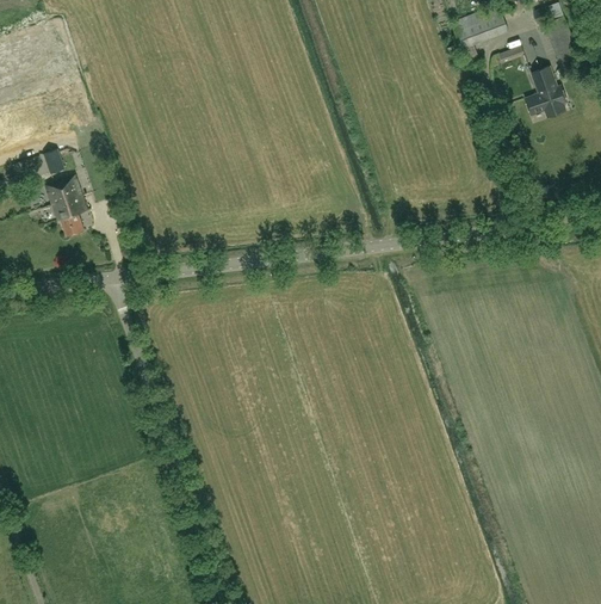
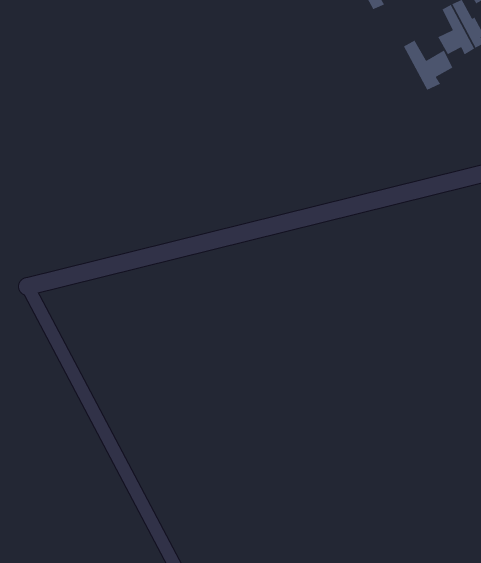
building: none -> [403,40,454,91]

